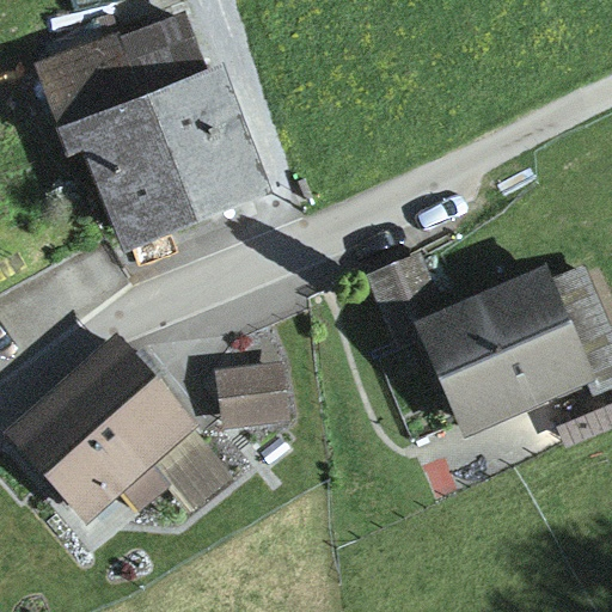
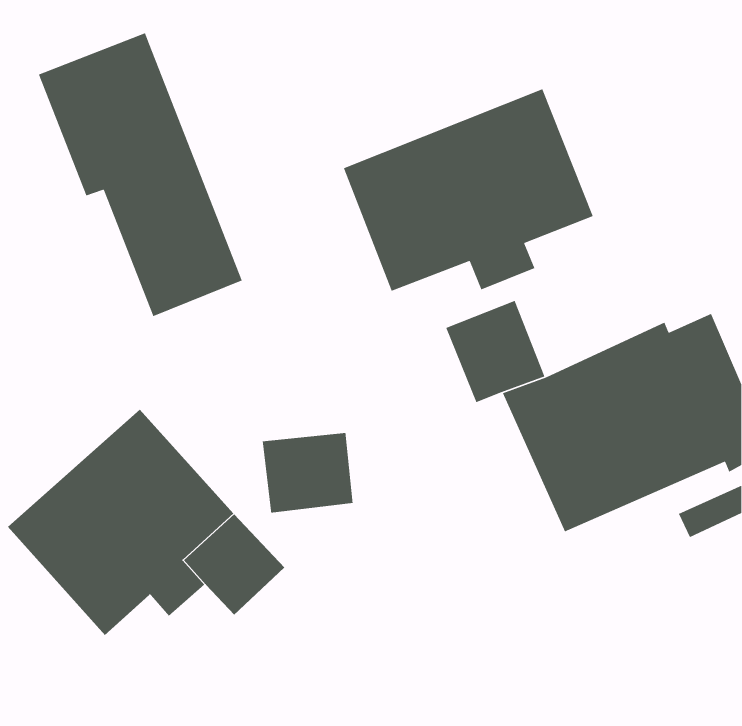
building: [123,13,276,231] -> none
building: none -> [343,88,594,292]

